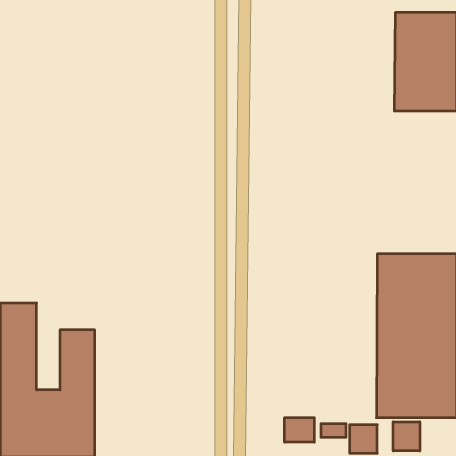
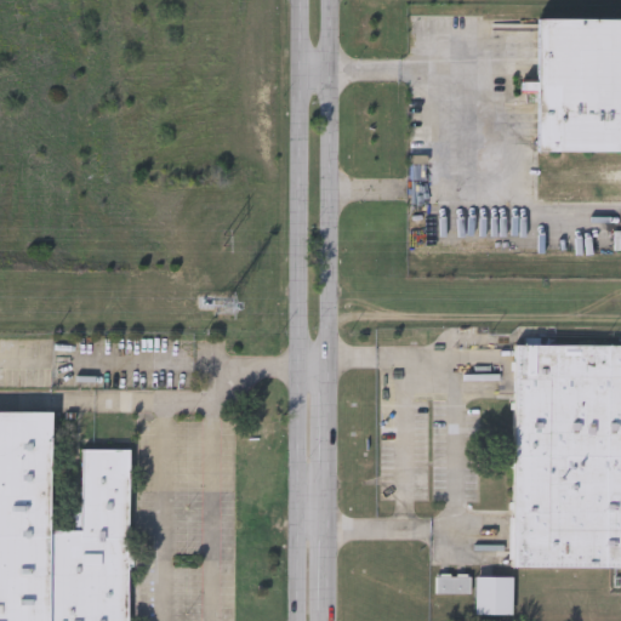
building: [285,418,314,442] -> none
building: [393,422,420,451] -> none

